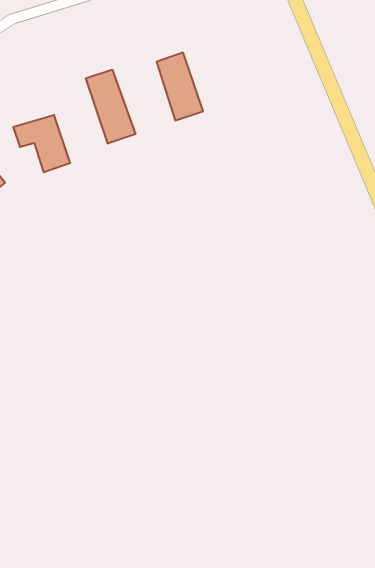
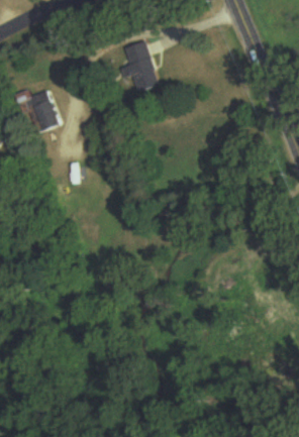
building: [86,70,135,144] -> none

